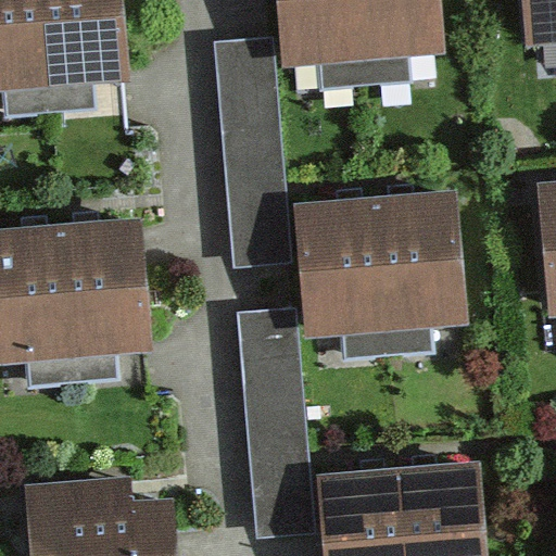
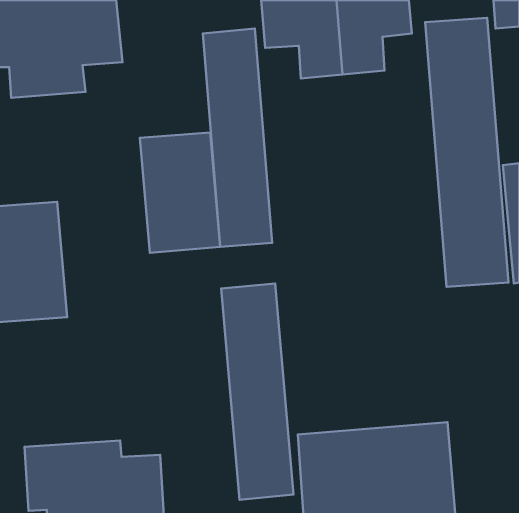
building: none -> [425,18,509,287]
building: [294,187,471,362] -> none
building: [61,218,147,346] -> [140,133,220,253]

